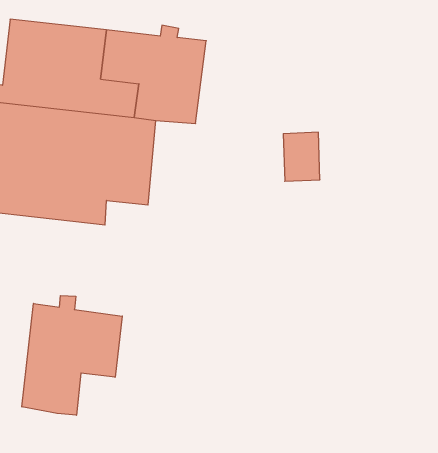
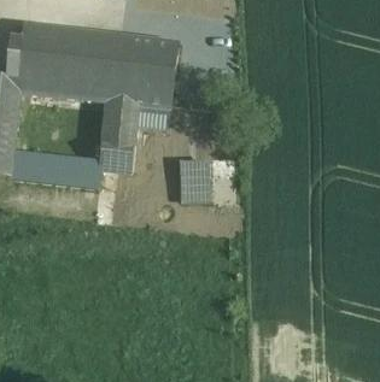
building: [283,132,320,181] -> [180,160,209,199]
building: [22,296,122,415] -> none

